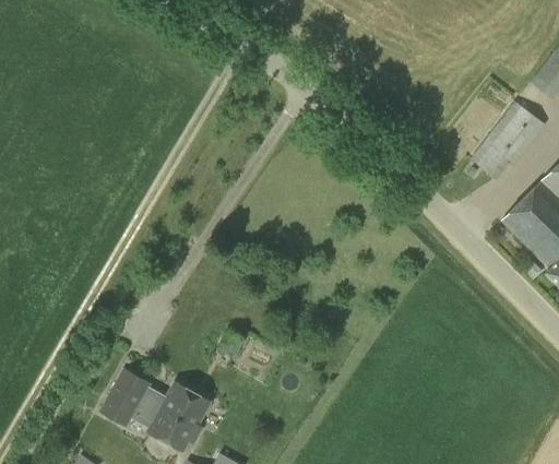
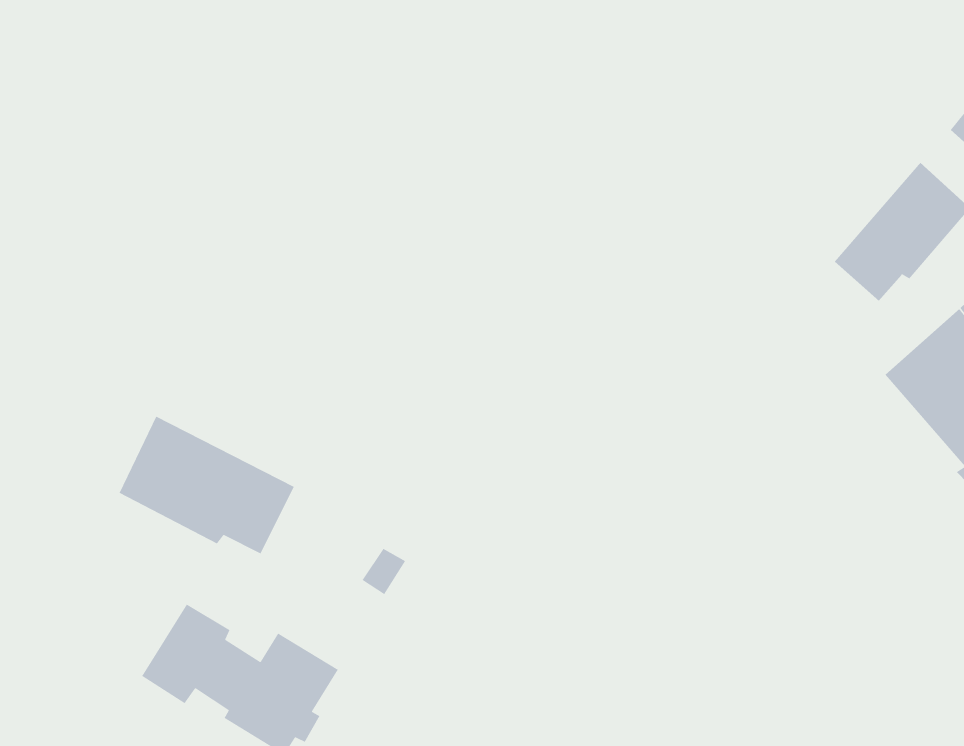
building: none -> [118,415,295,554]

